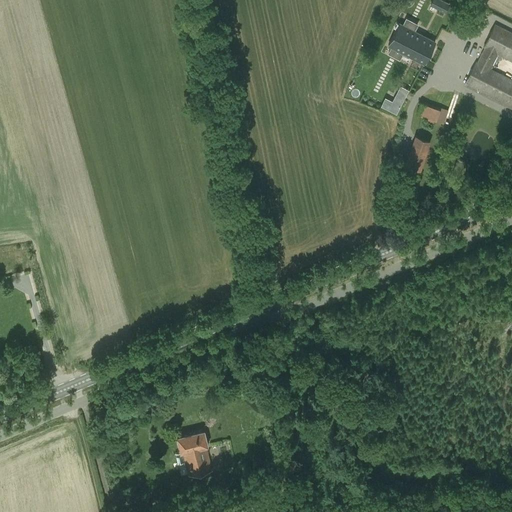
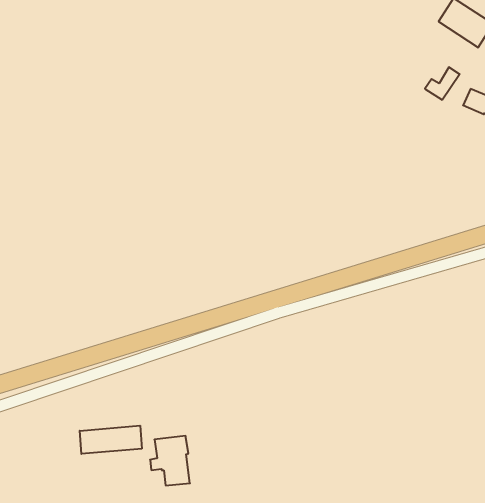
building: [407,134,433,167] -> none
building: none -> [80,426,142,454]

